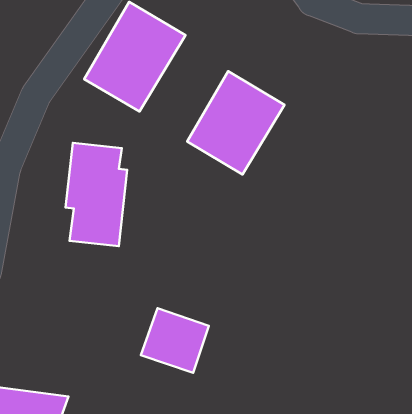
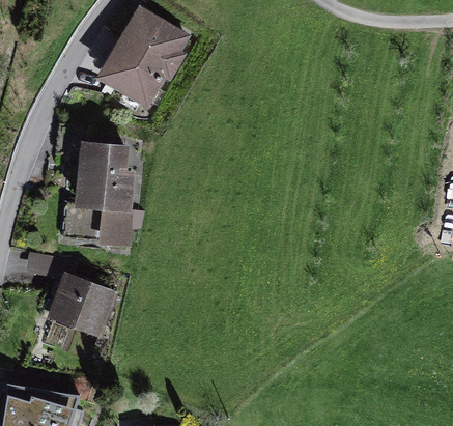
building: [187,71,285,174] -> none
building: [141,308,209,373] -> [48,275,115,339]

